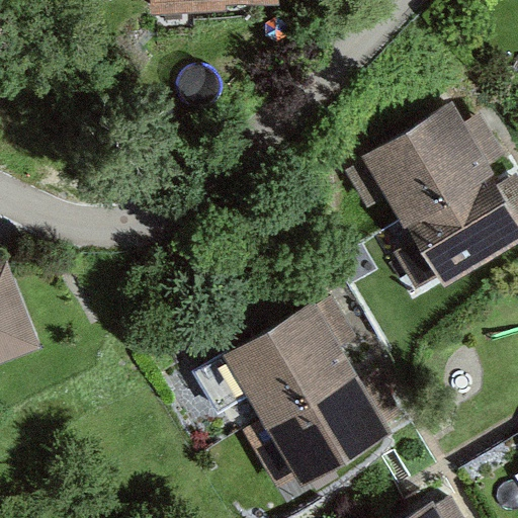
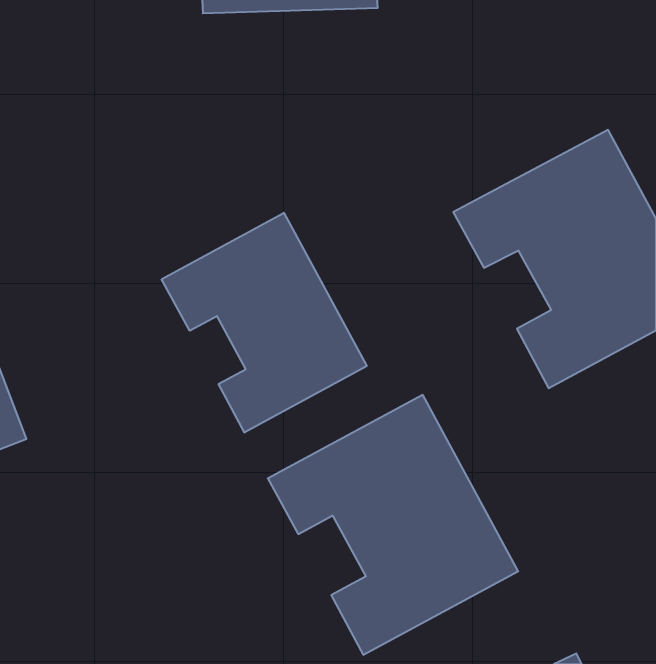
building: none -> [162,213,367,433]

